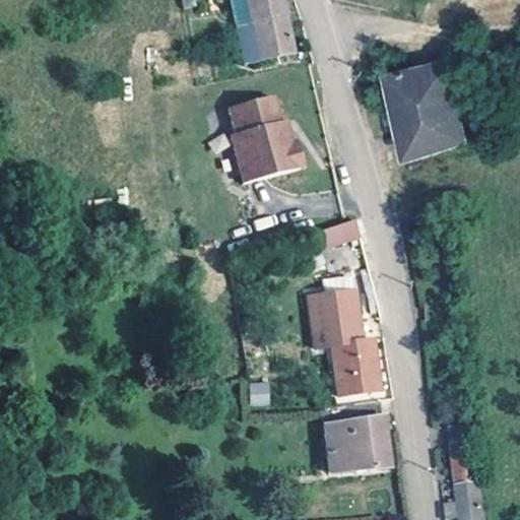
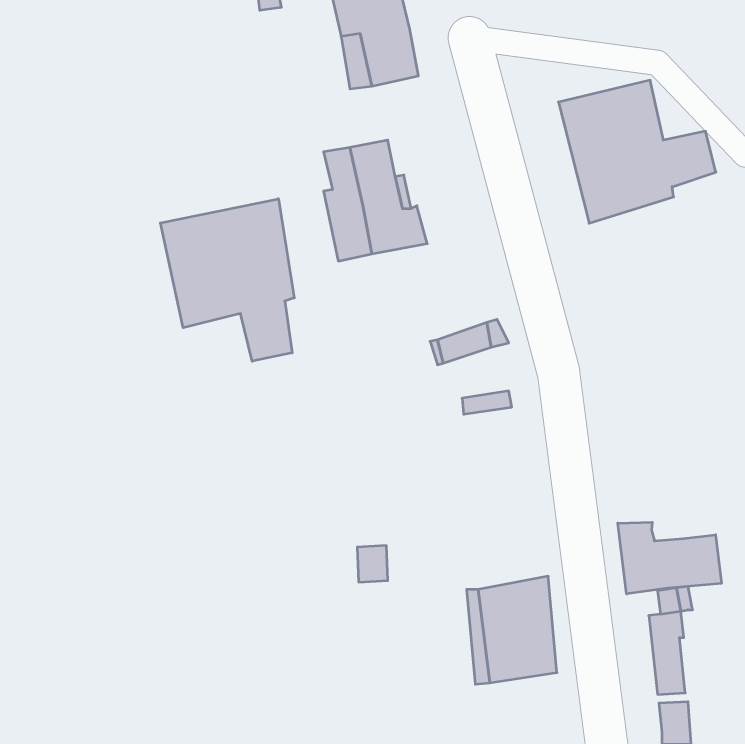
building: none -> [160,199,294,361]
building: [309,291,379,396] -> none
building: none -> [618,522,721,594]

